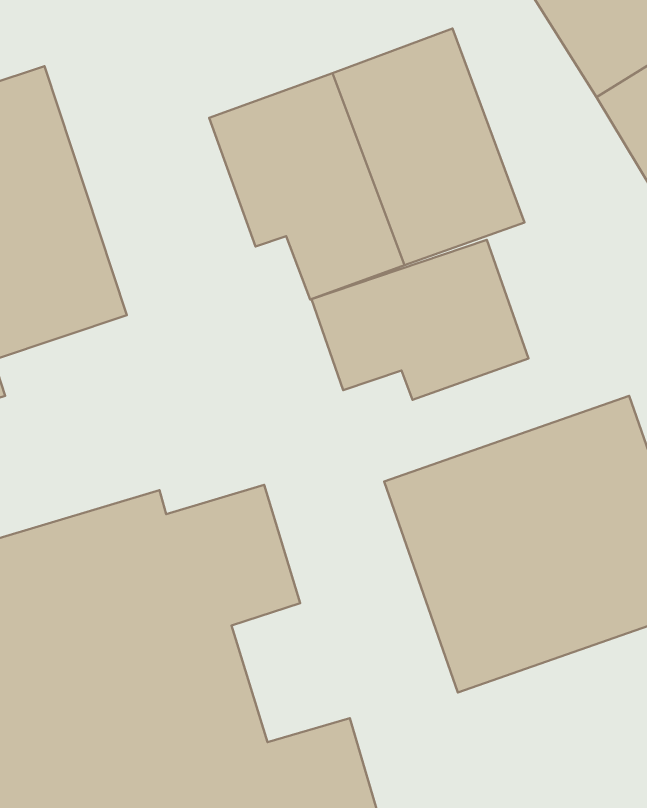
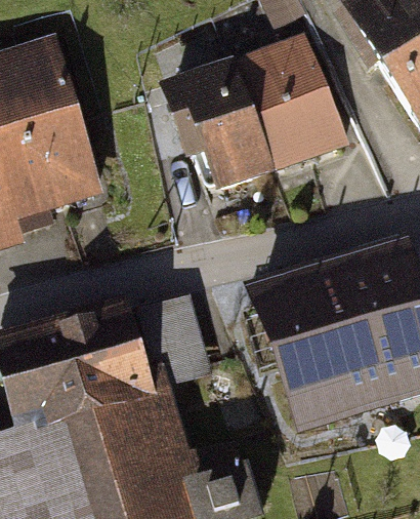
building: [312,240,529,400] -> none

